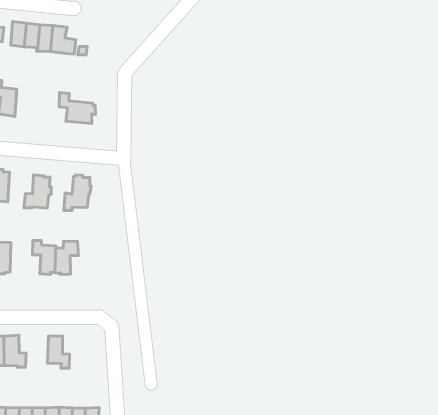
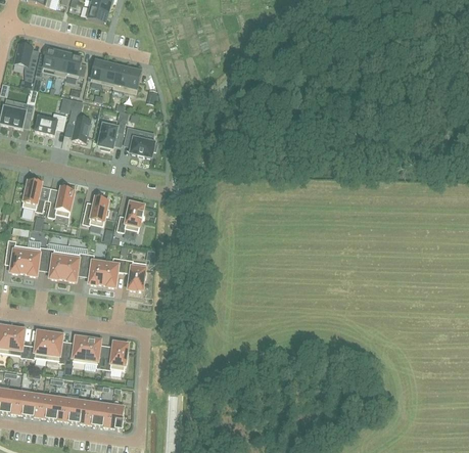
building: none -> [97,119,125,148]
building: none -> [62,251,86,280]
building: none -> [124,258,145,288]
building: none -> [102,339,127,368]
building: none -> [64,334,88,362]

